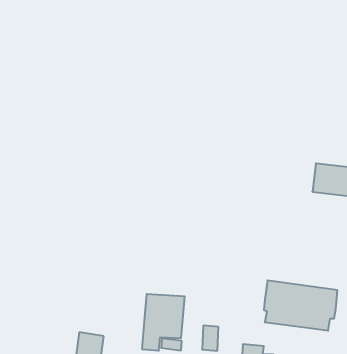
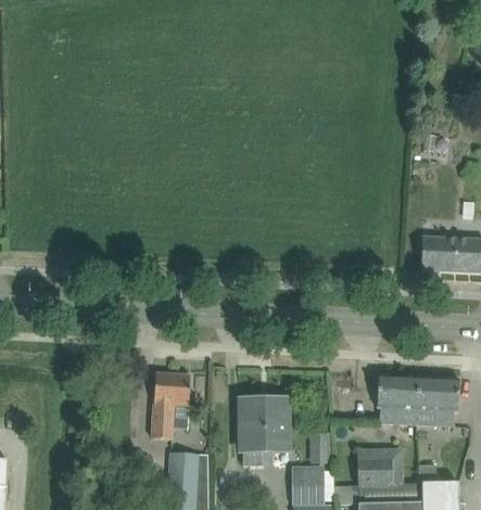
building: none -> [151,372,190,438]

